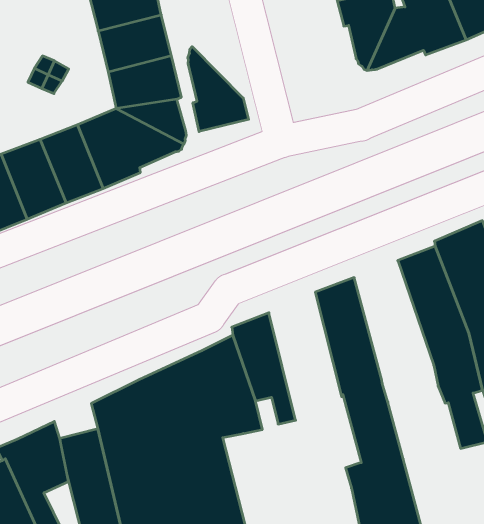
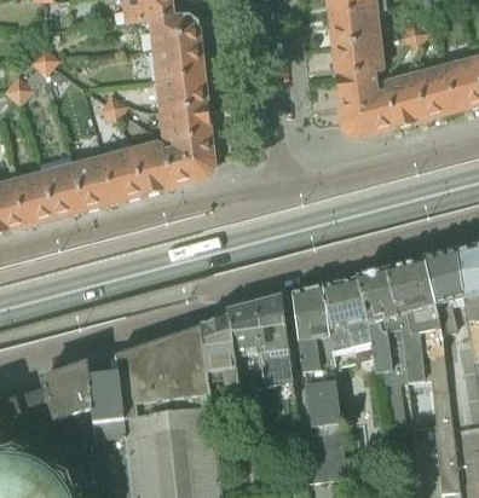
building: [188,47,249,132] -> none
building: none -> [322,277,373,367]
building: none -> [255,296,293,398]

